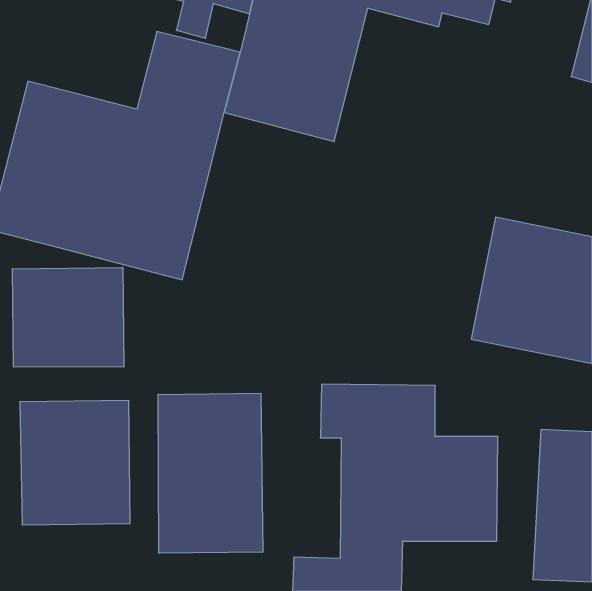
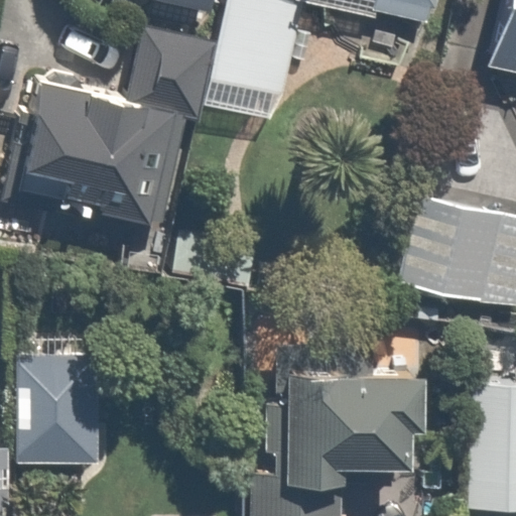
building: [13,267,124,367] -> none
building: [158,393,263,553] -> none

